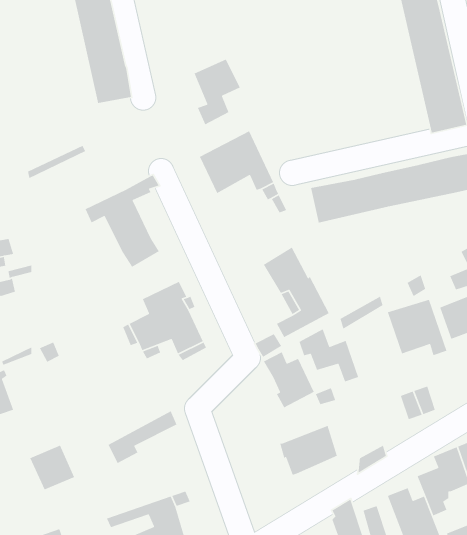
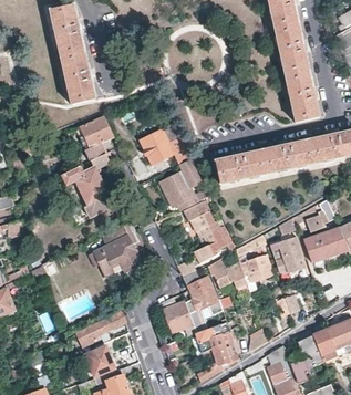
building: [193,58,241,126] -> [82,115,114,160]
building: none -> [162,169,208,206]
building: none -> [244,252,272,281]
building: none -> [161,295,196,335]
building: [29,445,75,490] -> [84,345,115,376]
building: none -> [197,341,240,381]

